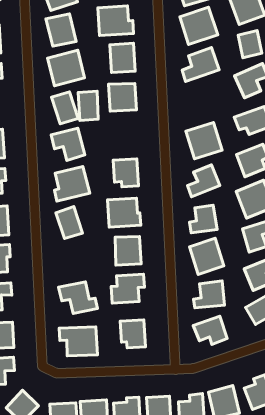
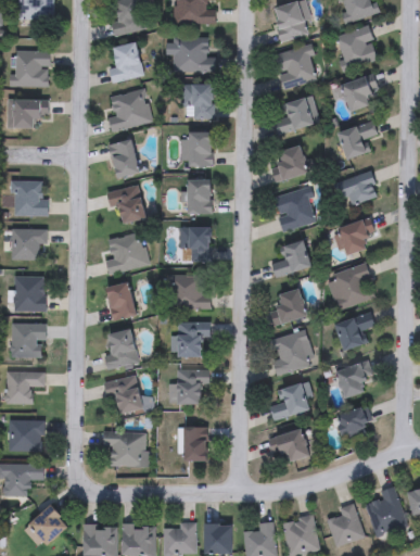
building: none -> [271,144,309,181]
building: [78,91,98,120] -> [188,179,212,214]
building: none -> [103,329,138,369]

